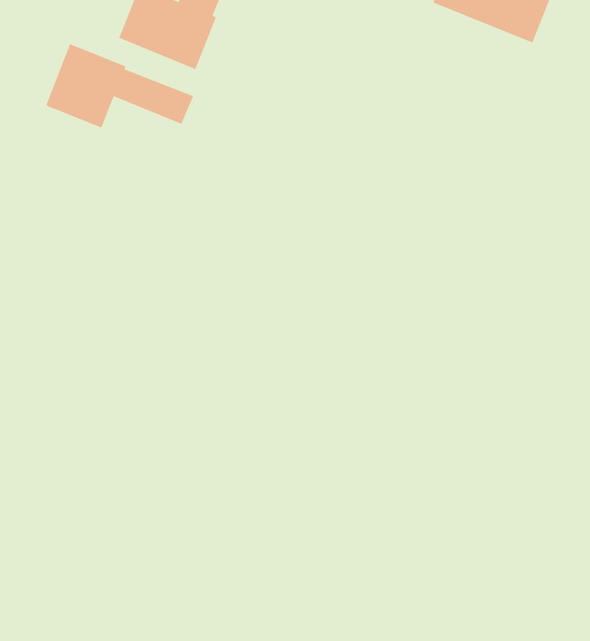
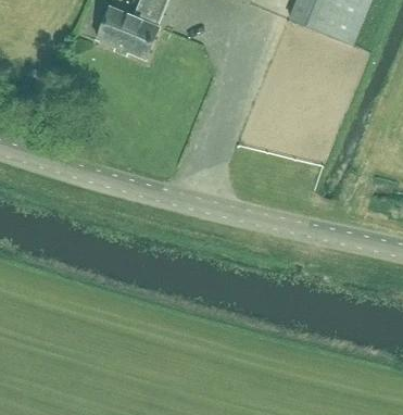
building: [45,43,194,128] -> none

